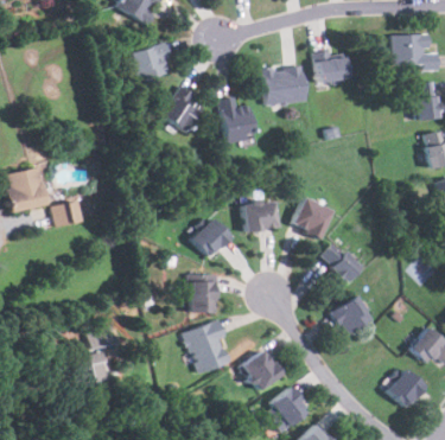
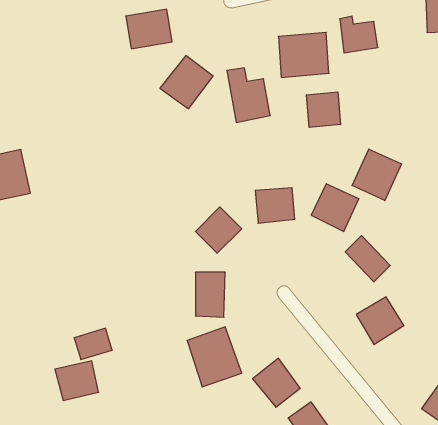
building: none -> [307,92,341,127]
building: none -> [352,149,401,201]
building: [51,200,81,228] -> none

